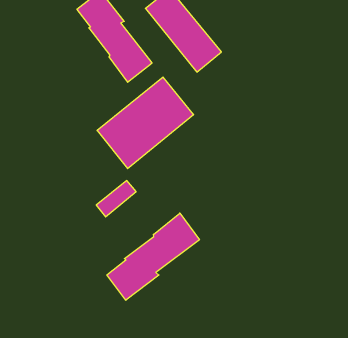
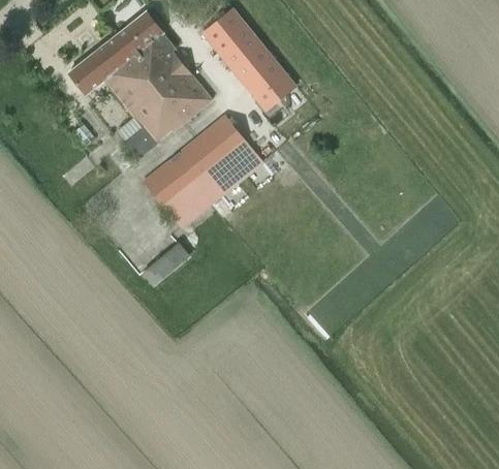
building: none -> [70,34,181,157]
building: [107,213,199,300] -> none

